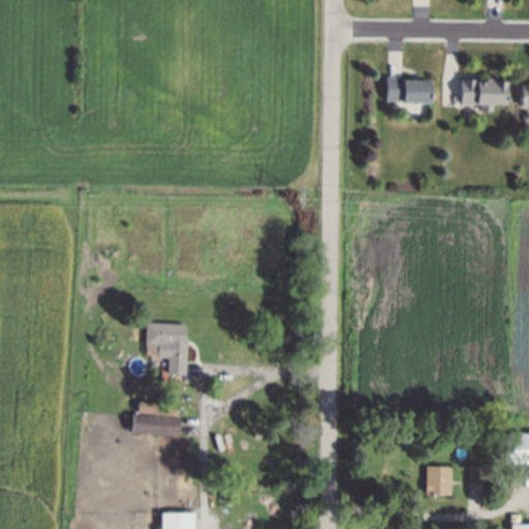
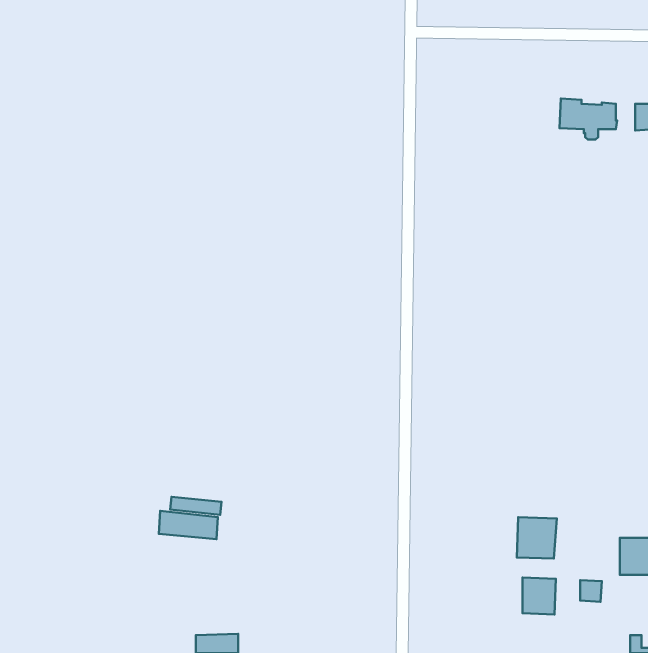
building: [384,80,426,102] -> none
building: [148,322,189,377] -> none
building: none -> [517,517,557,559]

